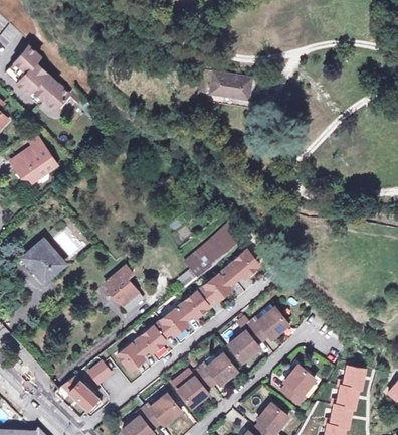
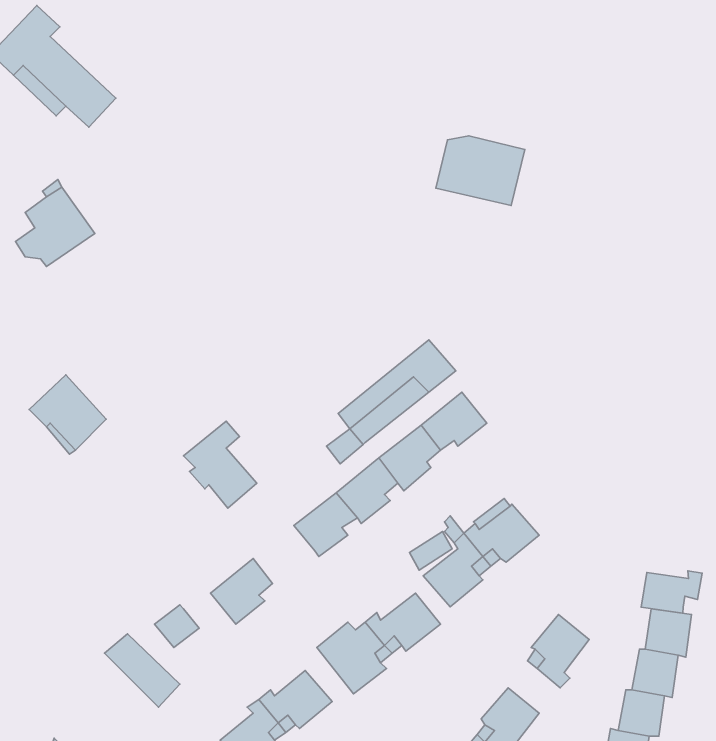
building: [208,70,254,107] -> [436,136,525,205]
building: [140,319,172,352] -> none
building: none -> [641,571,702,613]

